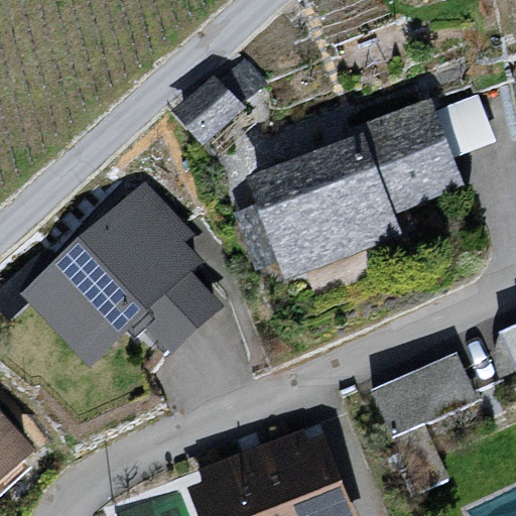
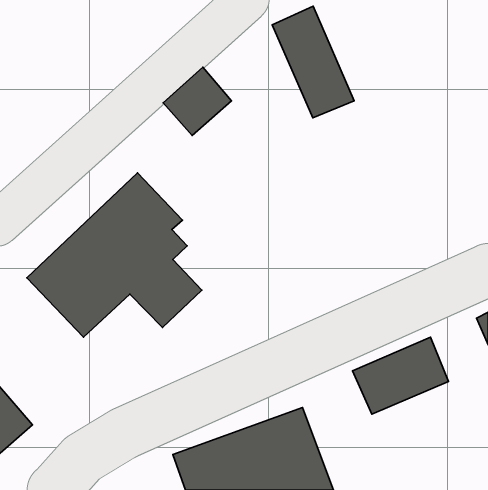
building: none -> [272,6,354,118]
building: [254,107,467,287] -> none

